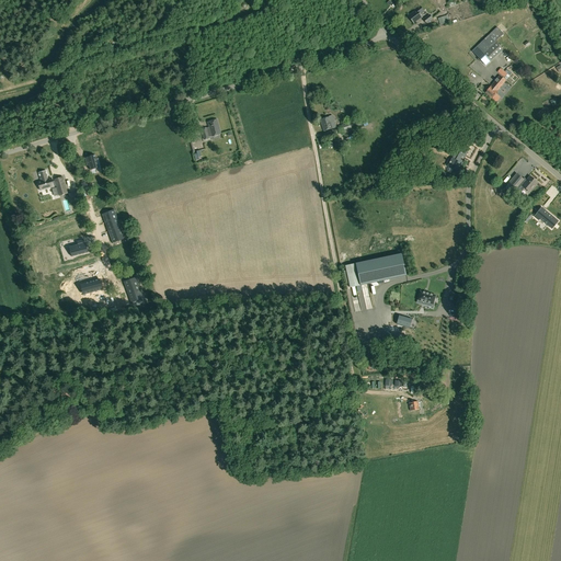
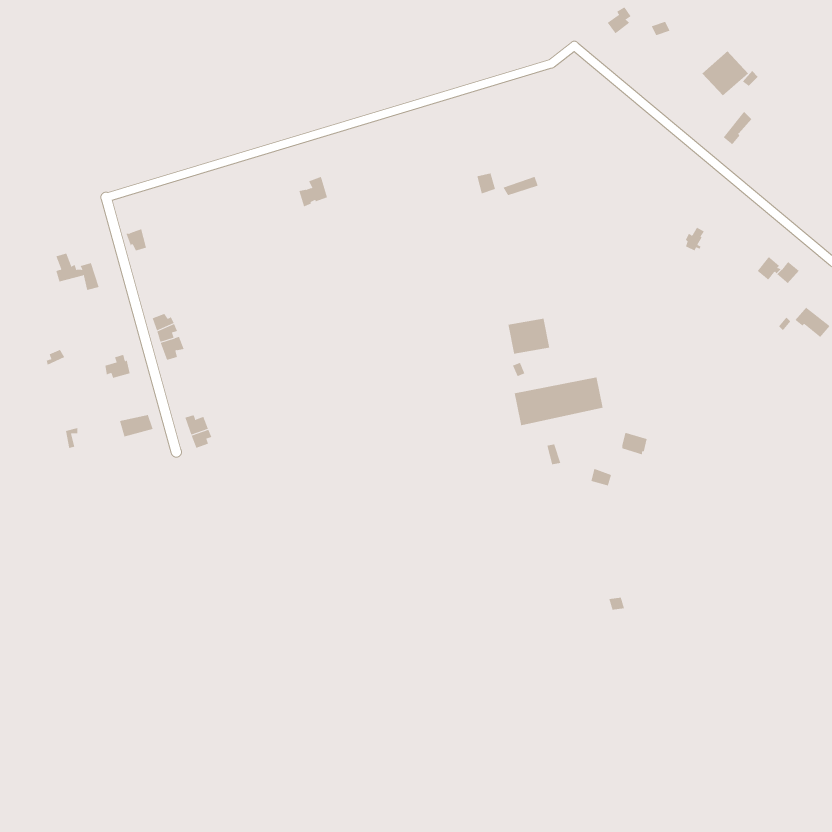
building: none -> [508,318,550,354]

